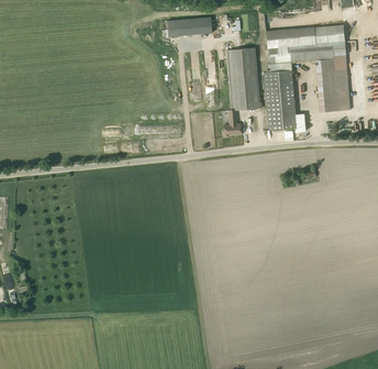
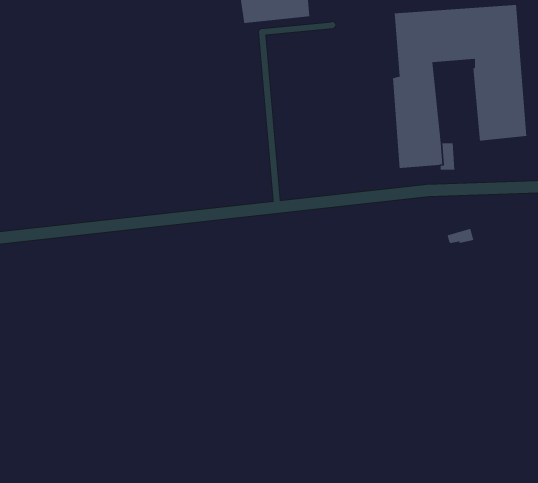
building: [223,46,263,136] -> none

